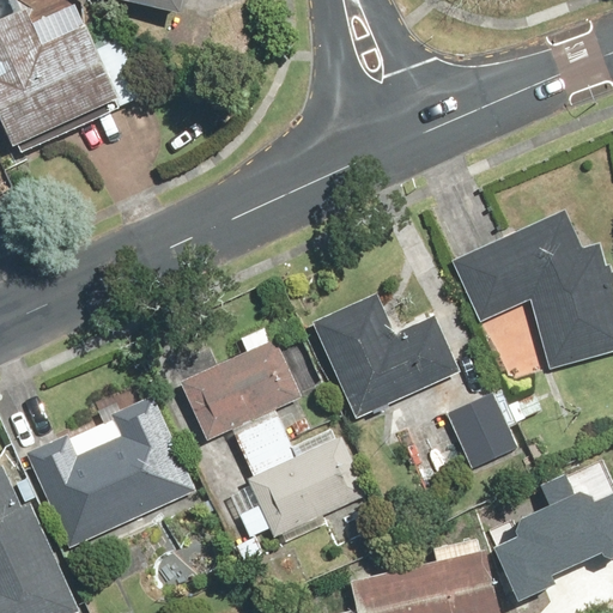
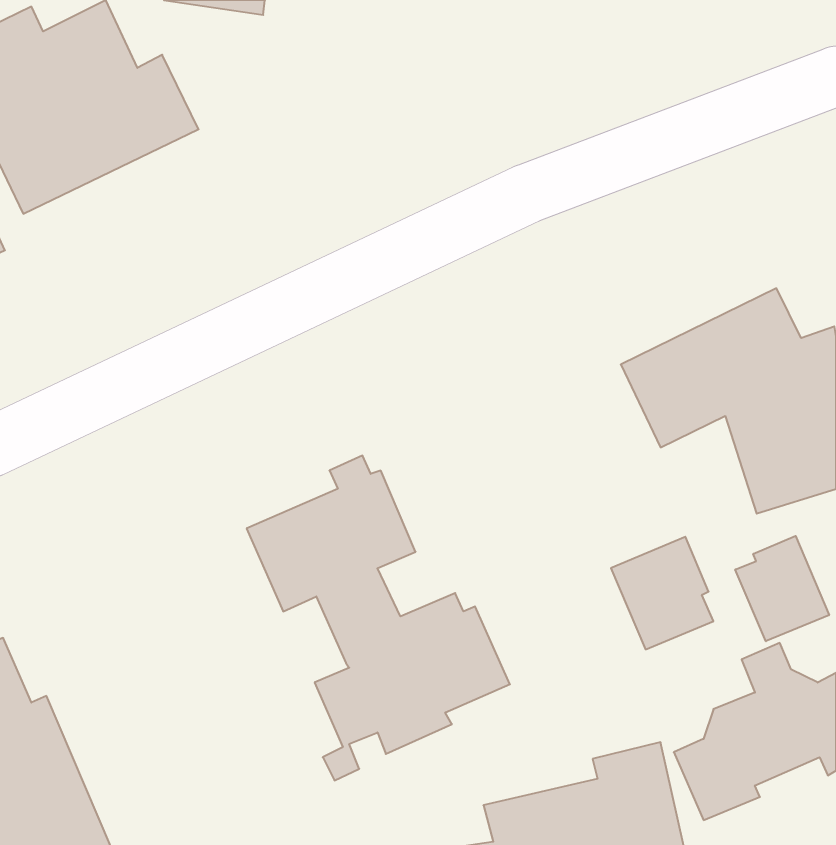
building: [314,295,460,417] -> none
building: none -> [735,536,829,641]
building: [25,396,196,548] -> none

